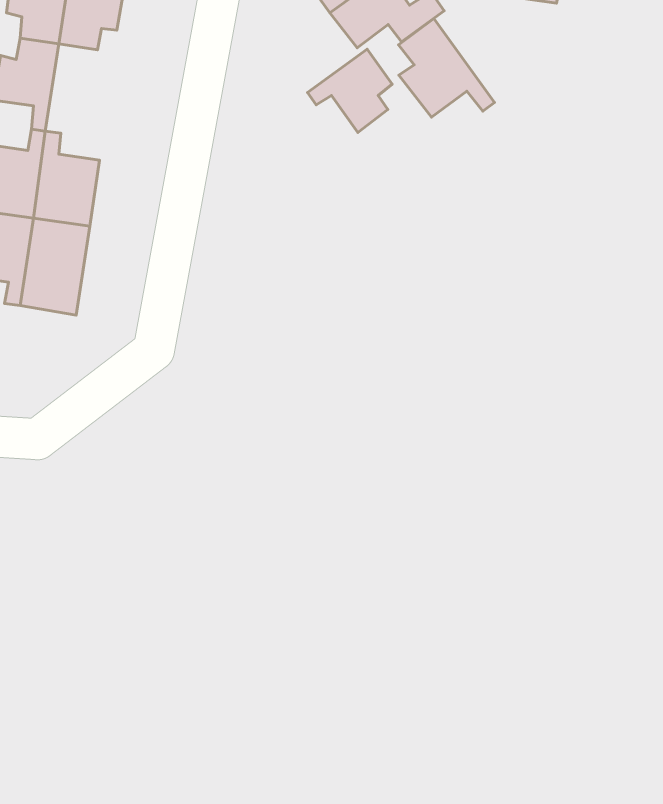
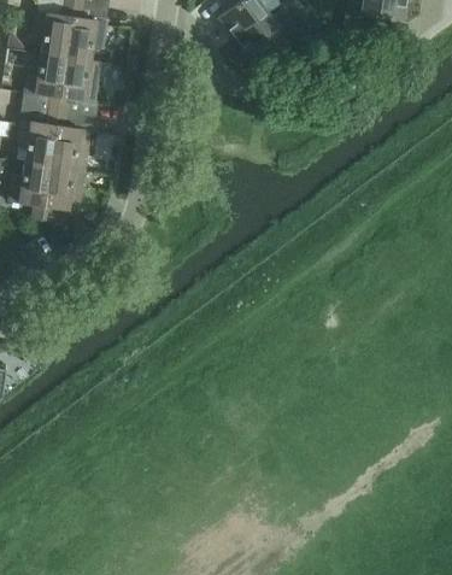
building: [398,19,494,117] -> none
building: none -> [54,57,98,112]
building: [308,49,392,132] -> none

